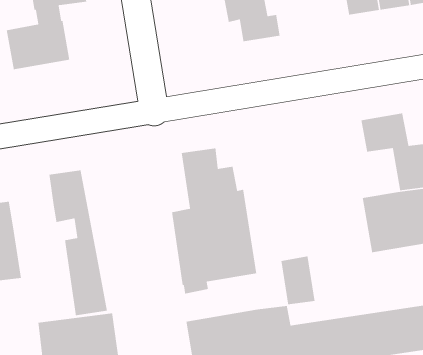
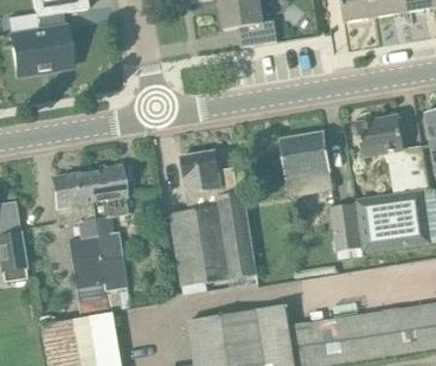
building: none -> [280,131,332,195]
building: none -> [83,166,129,310]
building: [280,256,316,305] -> [328,203,363,251]

